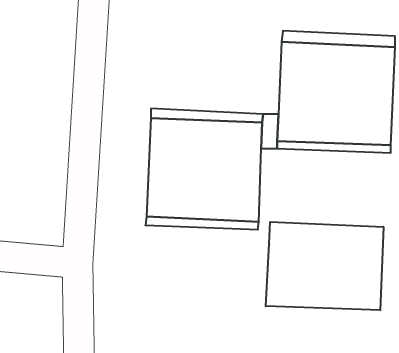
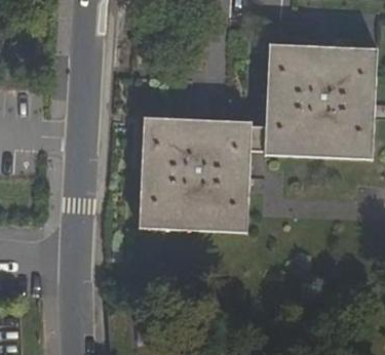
building: [266,222,383,310] -> none

